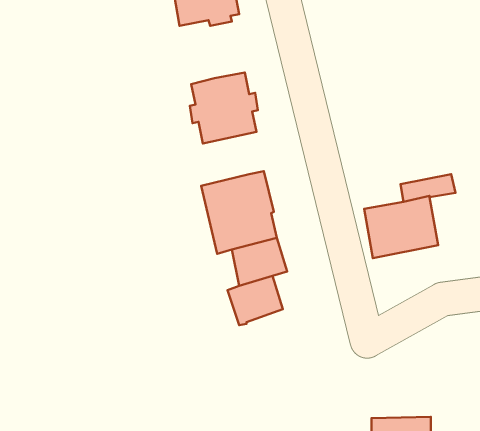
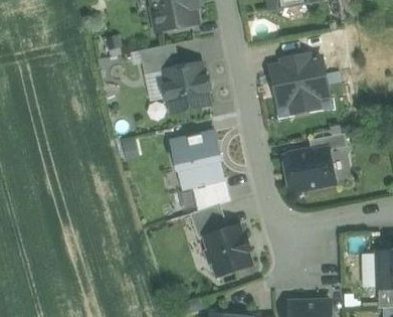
building: none -> [140,43,180,74]
building: none -> [271,55,329,112]
building: none -> [202,222,253,277]

